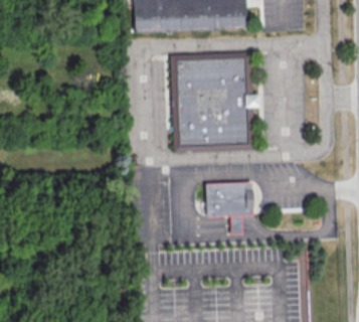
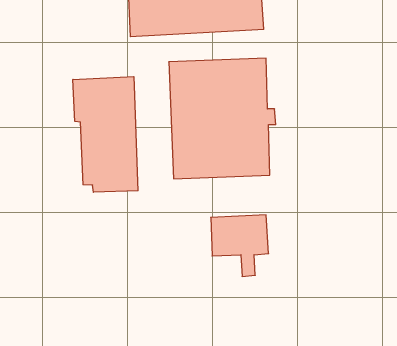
building: none -> [73,77,138,192]

